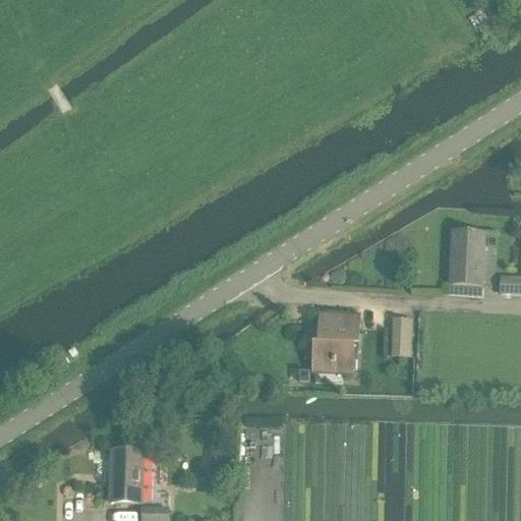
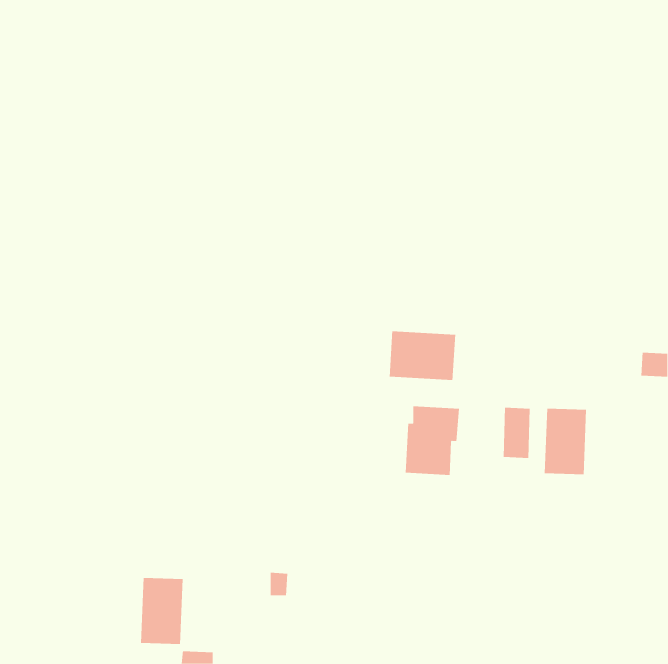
building: [450,230,483,282] -> [544,408,587,475]
building: none -> [389,331,456,381]

